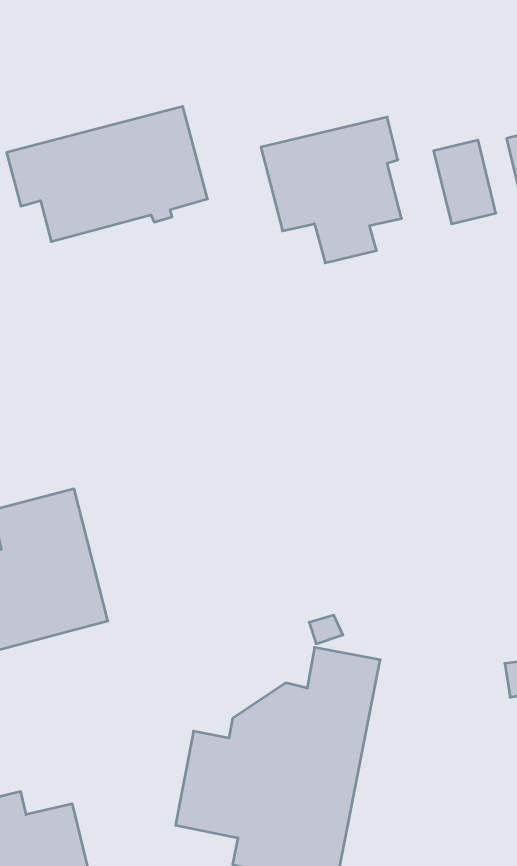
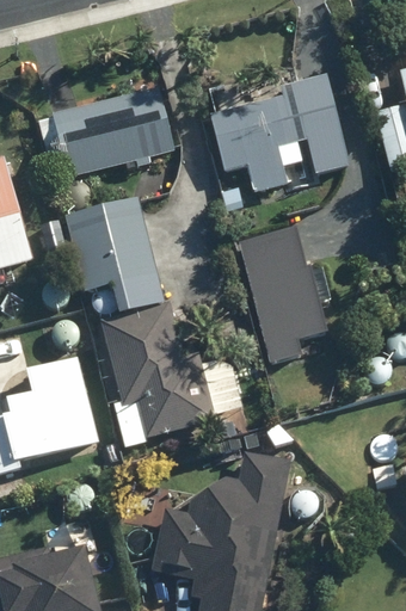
building: none -> [66,200,155,295]
building: none -> [238,218,322,356]
building: none -> [102,304,224,440]

